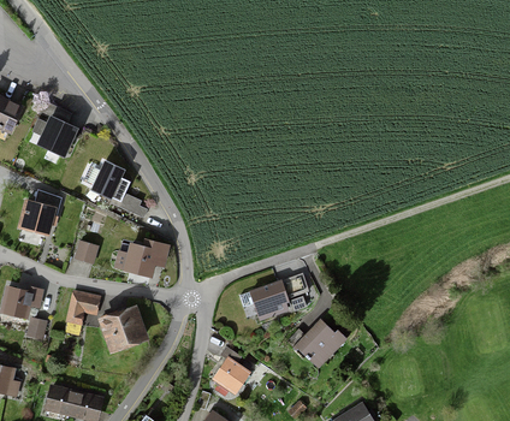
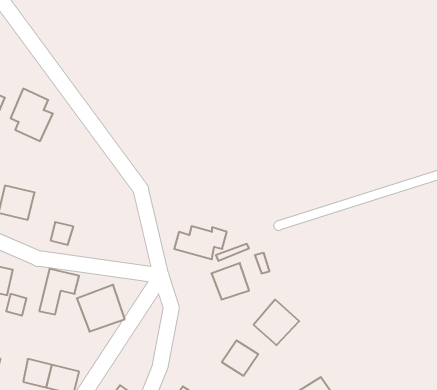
building: [84,160,134,209] -> none
building: [114,244,170,279] -> [174,226,227,259]
building: [214,358,253,396] -> [222,340,258,376]

